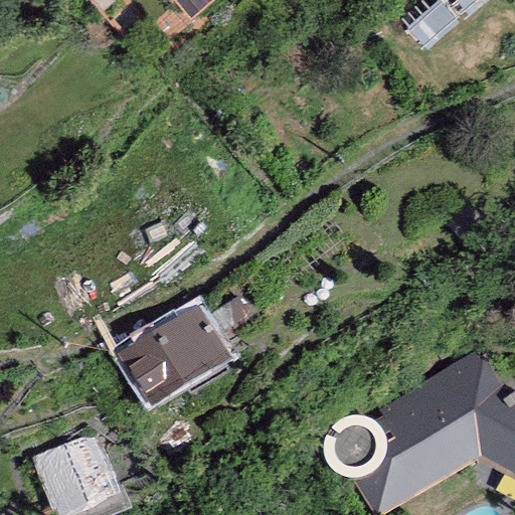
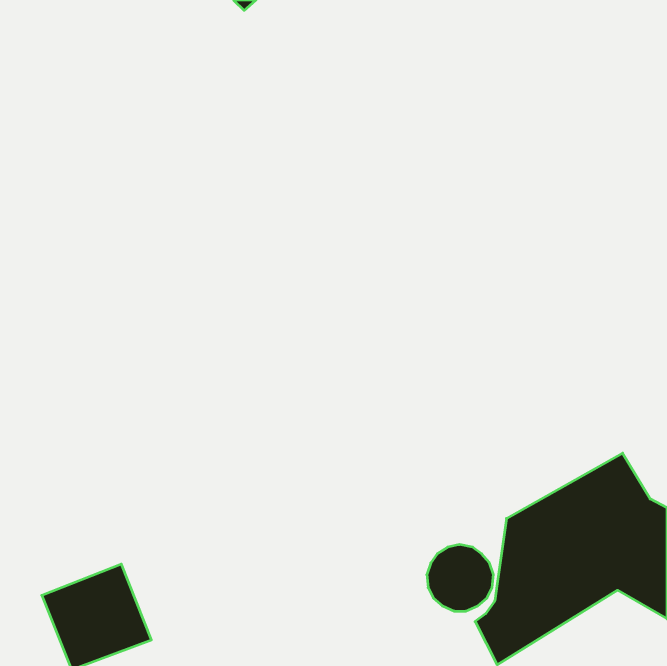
building: [119,311,228,407] -> none

